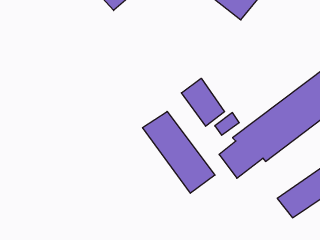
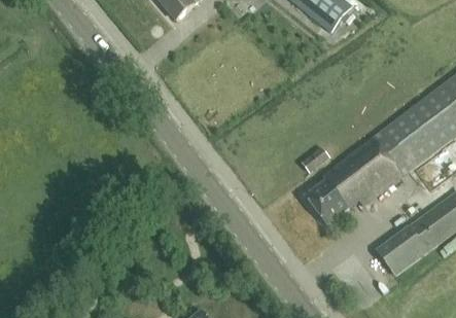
building: [181,78,225,126] -> none
building: [143,111,215,193] -> none

